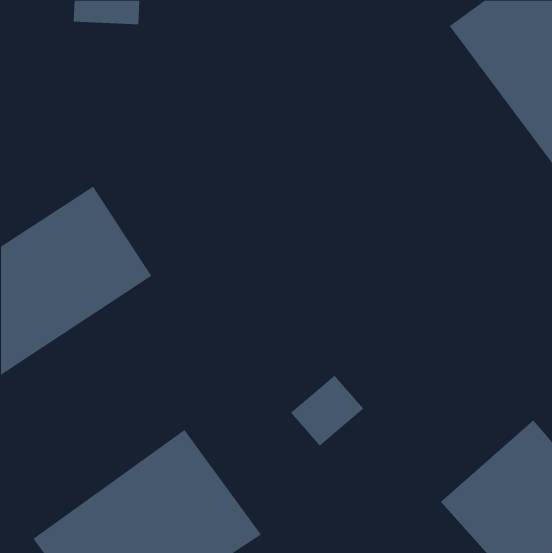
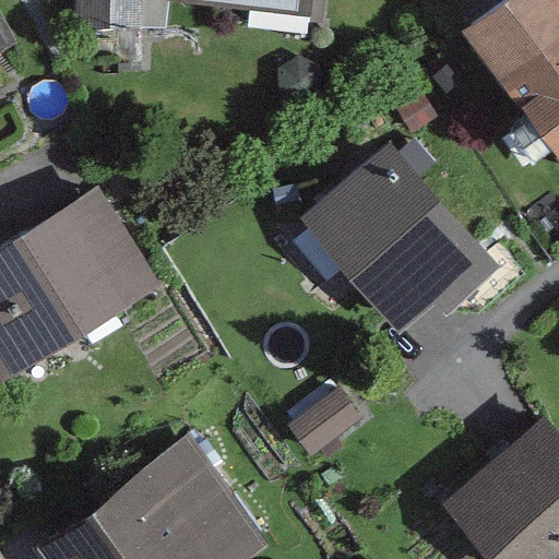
building: none -> [306,146,486,332]

